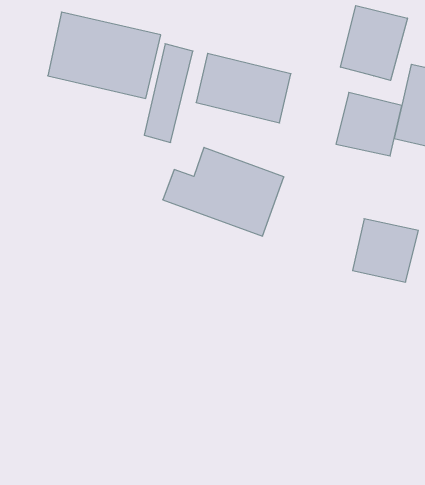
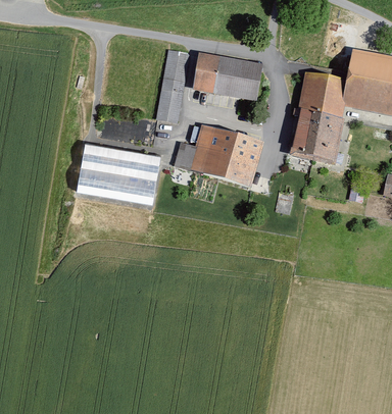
building: [341,6,407,80] -> none
building: [48,12,161,98] -> [77,141,160,202]
building: [353,219,418,282] -> [295,114,343,160]

